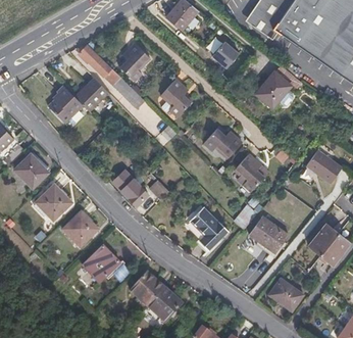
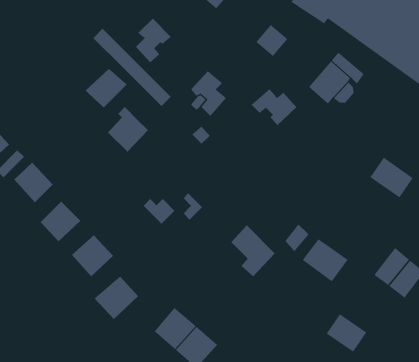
building: [49,84,83,122] -> [107,106,149,153]
building: [205,129,243,159] -> [251,88,297,126]
building: [236,155,269,192] -> none

